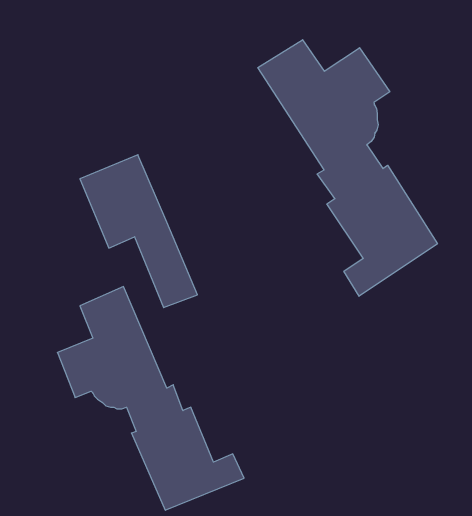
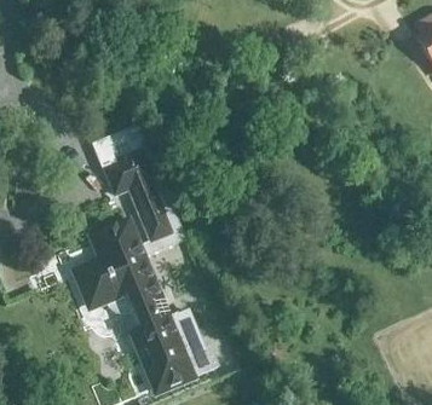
building: [258,40,437,296] -> none

